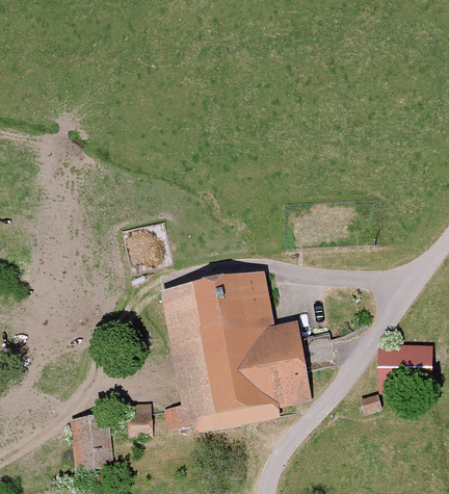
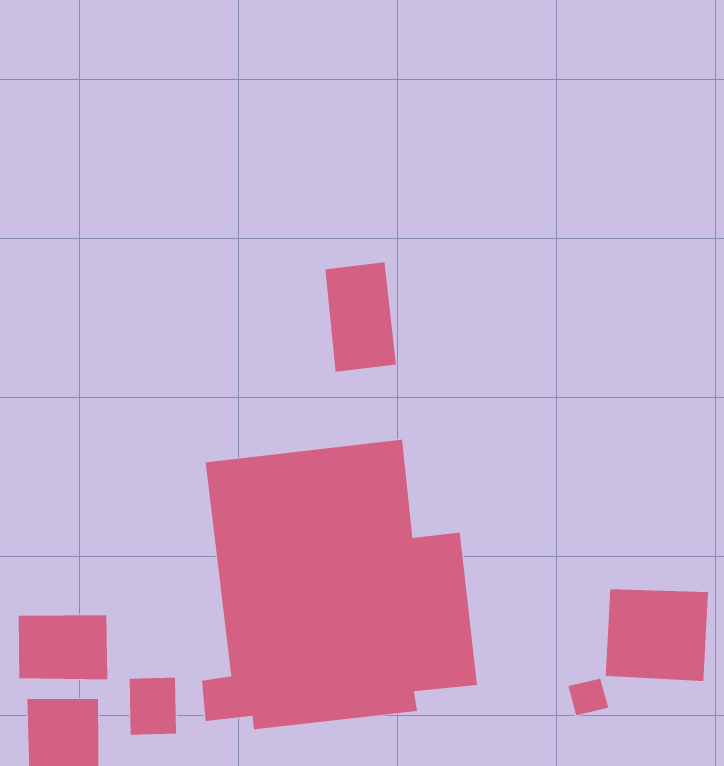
building: none -> [325,262,396,372]
building: none -> [18,614,108,680]

